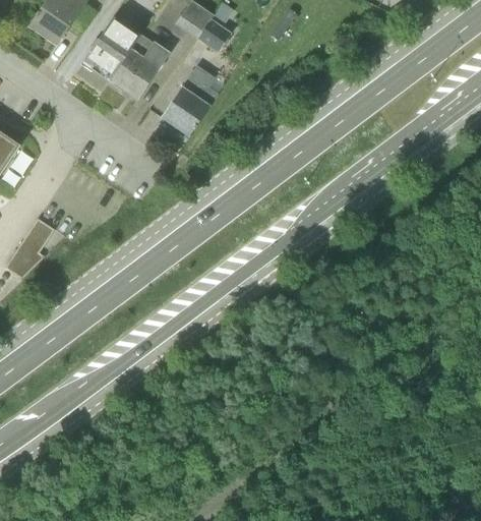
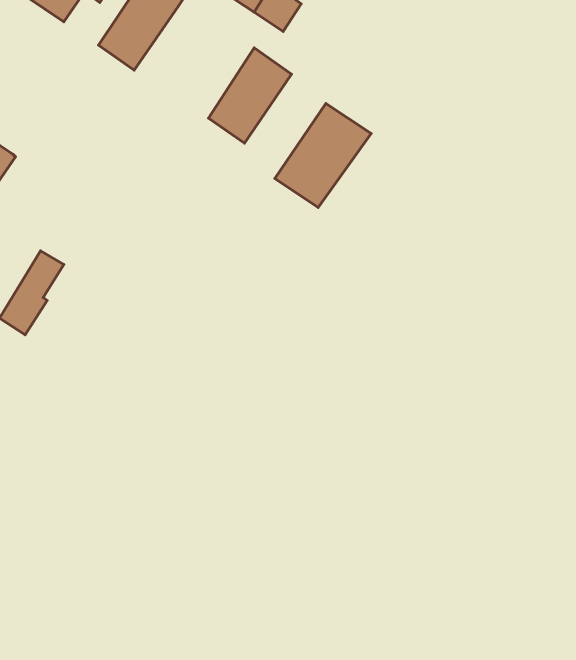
building: [108,35,170,101] -> none
building: none -> [275,103,371,207]

